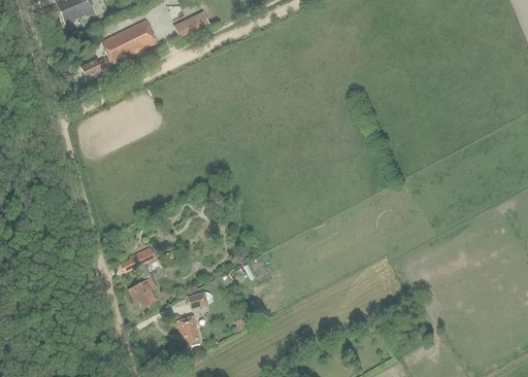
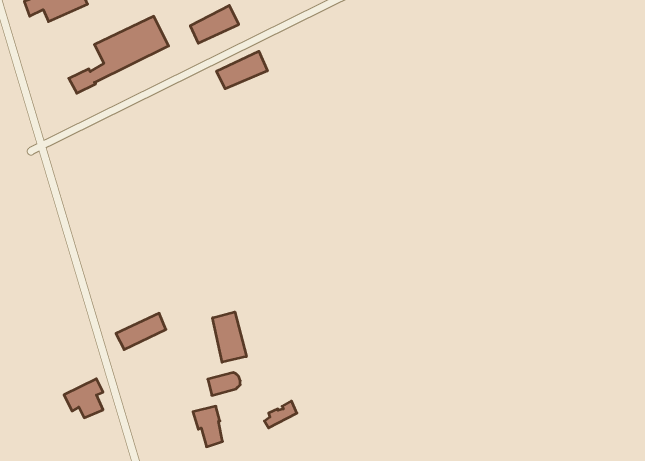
building: none -> [217,51,267,89]
building: none -> [213,312,246,362]
building: [127,276,157,306] -> [64,379,103,418]

